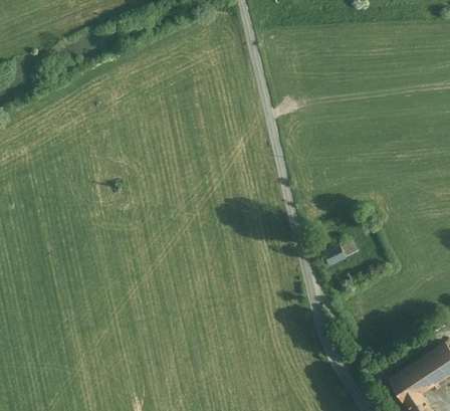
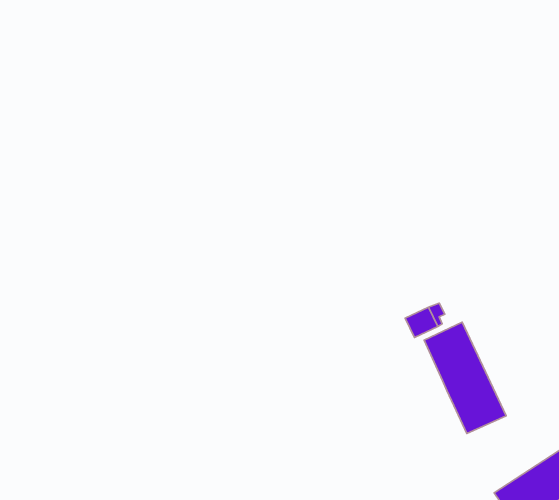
building: none -> [424,322,506,433]

